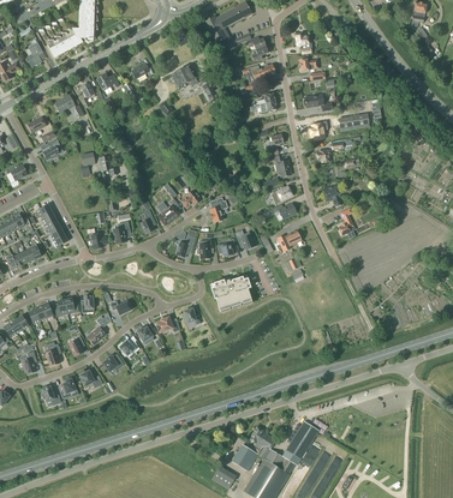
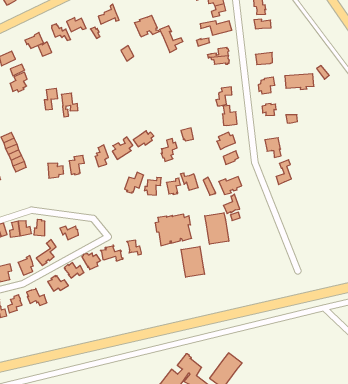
building: none -> [205,213,229,244]
building: none -> [181,246,205,277]

